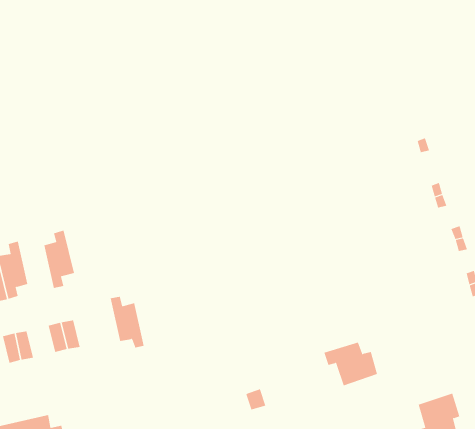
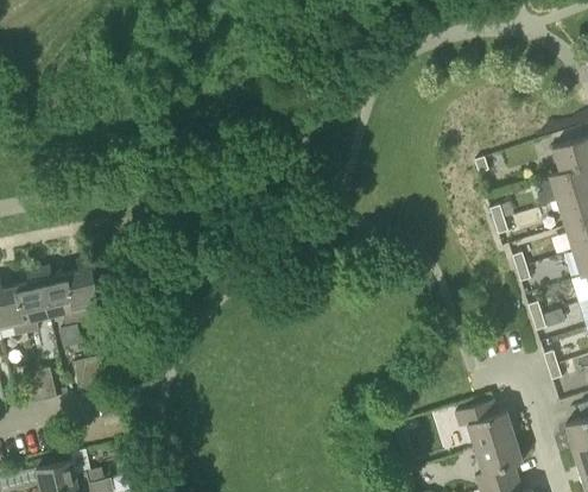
building: [110,296,144,348] -> [39,267,77,324]
building: [324,342,378,386] -> [455,400,514,449]

